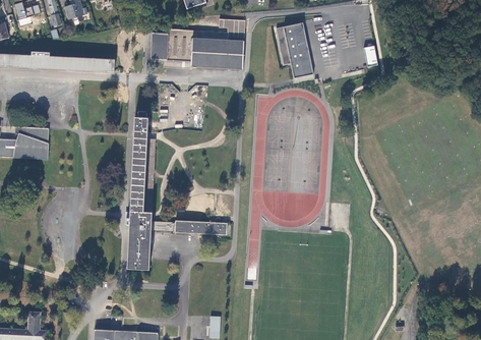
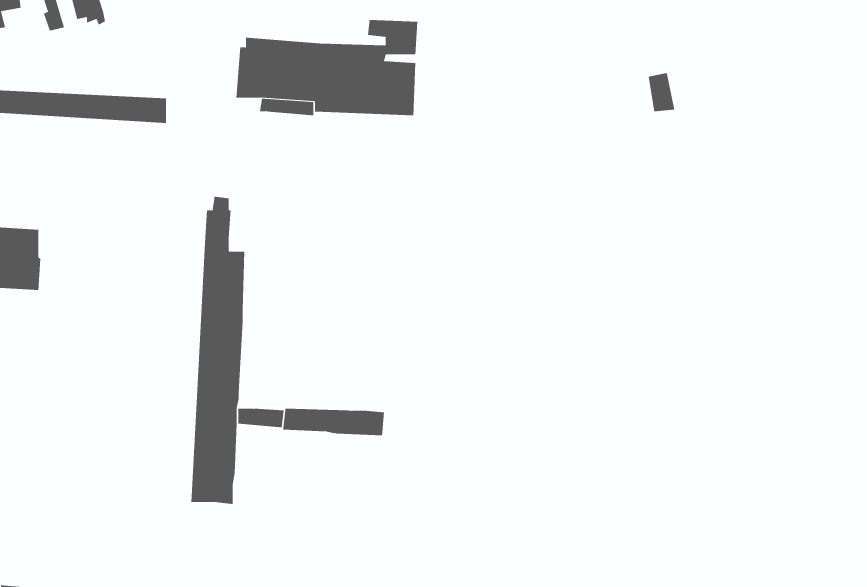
building: [275,22,312,78] -> none

